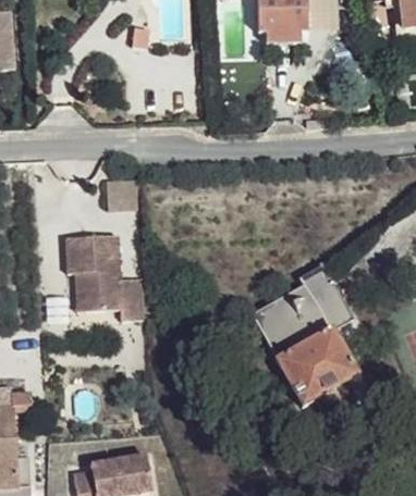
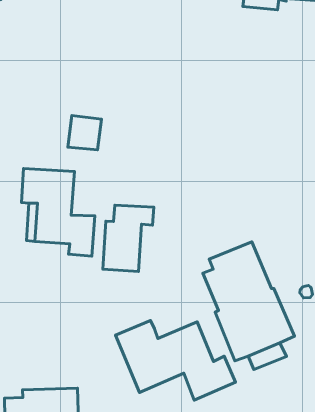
building: none -> [103,205,154,271]
building: none -> [116,321,236,400]

